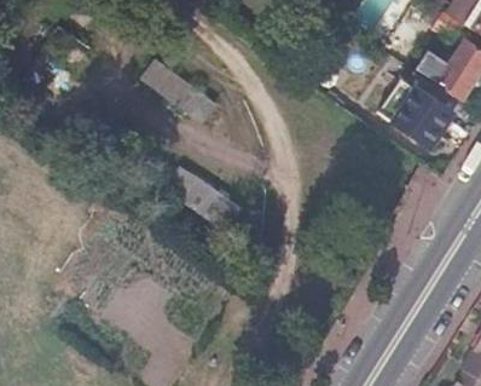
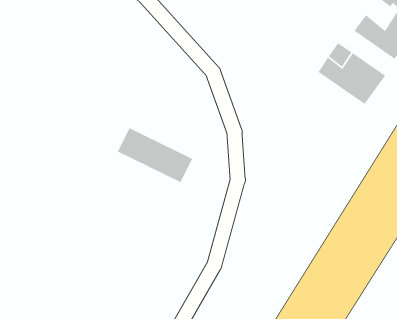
building: [138,58,215,125] -> none

